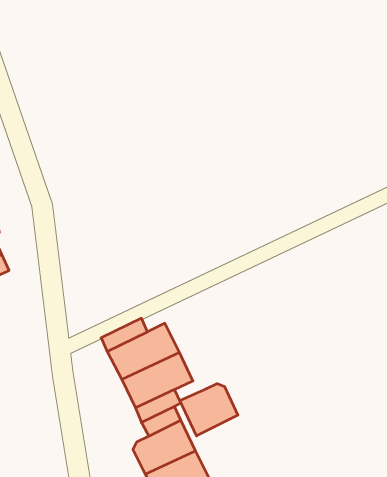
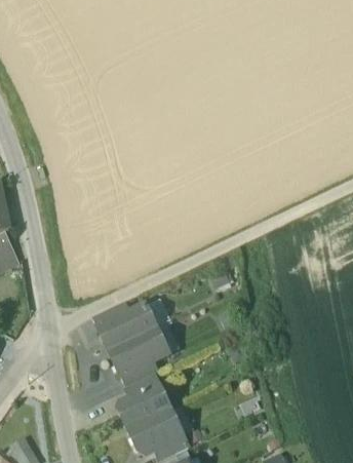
building: [180,384,238,436] -> none

